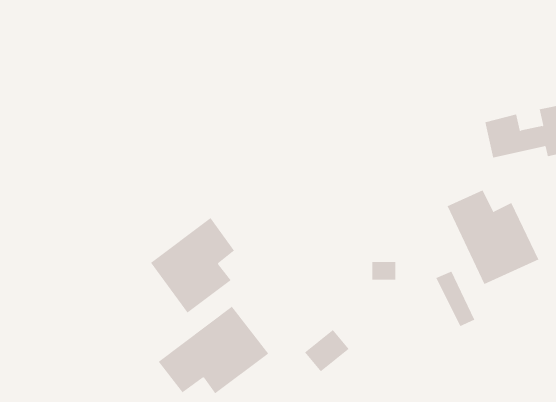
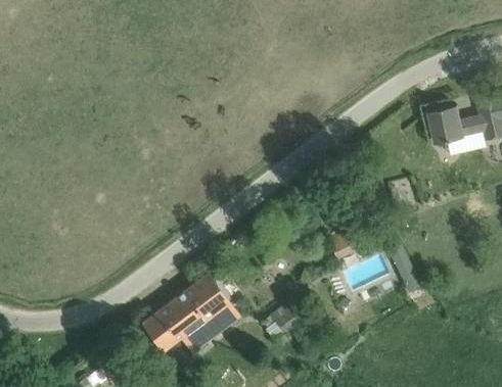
building: [447,189,539,285] -> none
building: [150,217,235,314] -> none

